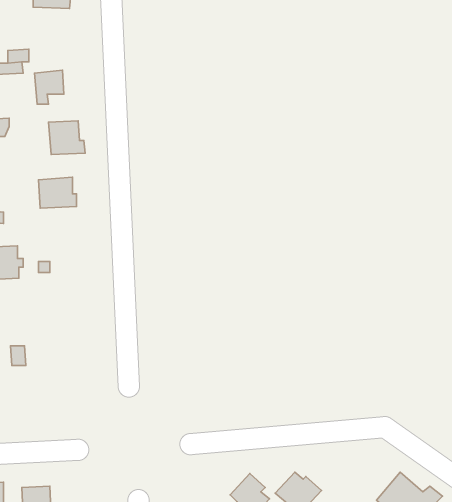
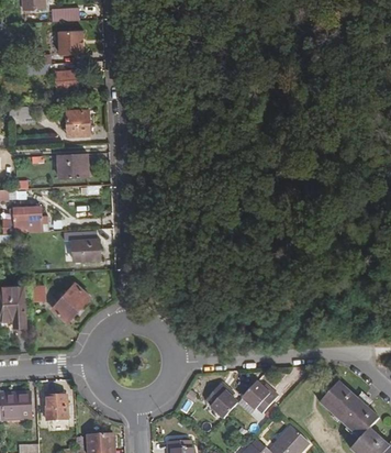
building: none -> [57,29,82,52]
building: none -> [71,236,100,258]
building: none -> [54,281,92,321]

